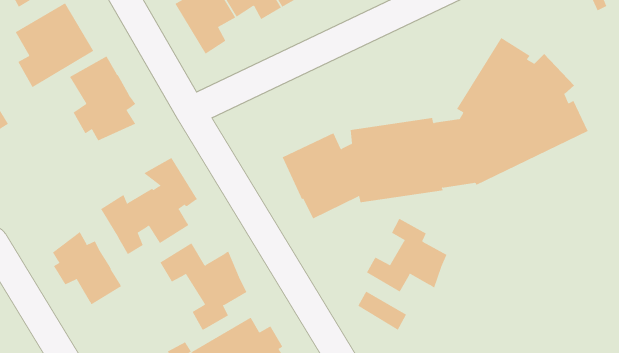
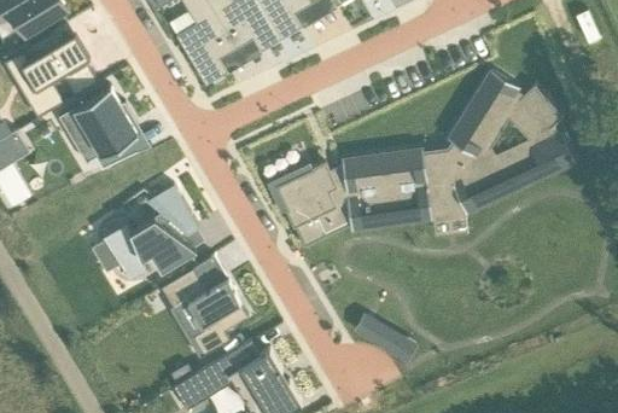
building: [366,218,447,292] -> none
building: [52,231,122,305] -> none

